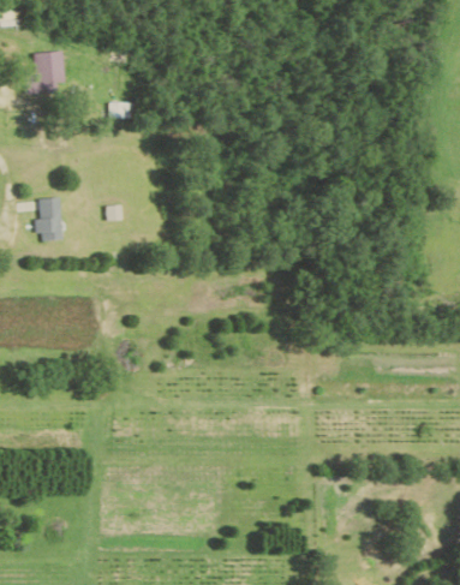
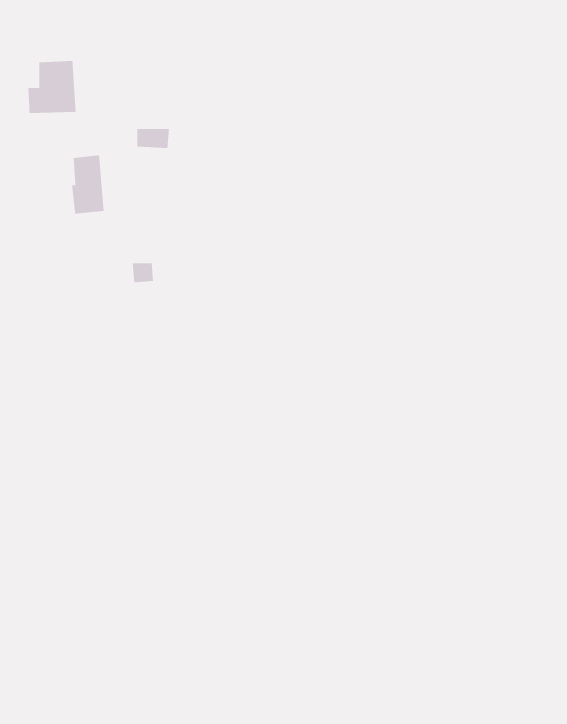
building: [38,196,64,241] -> [71,154,105,215]

